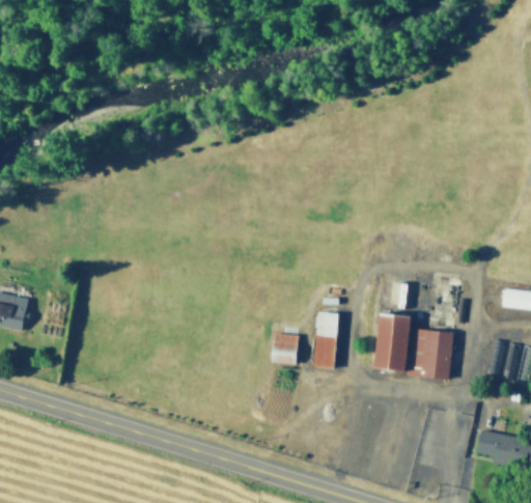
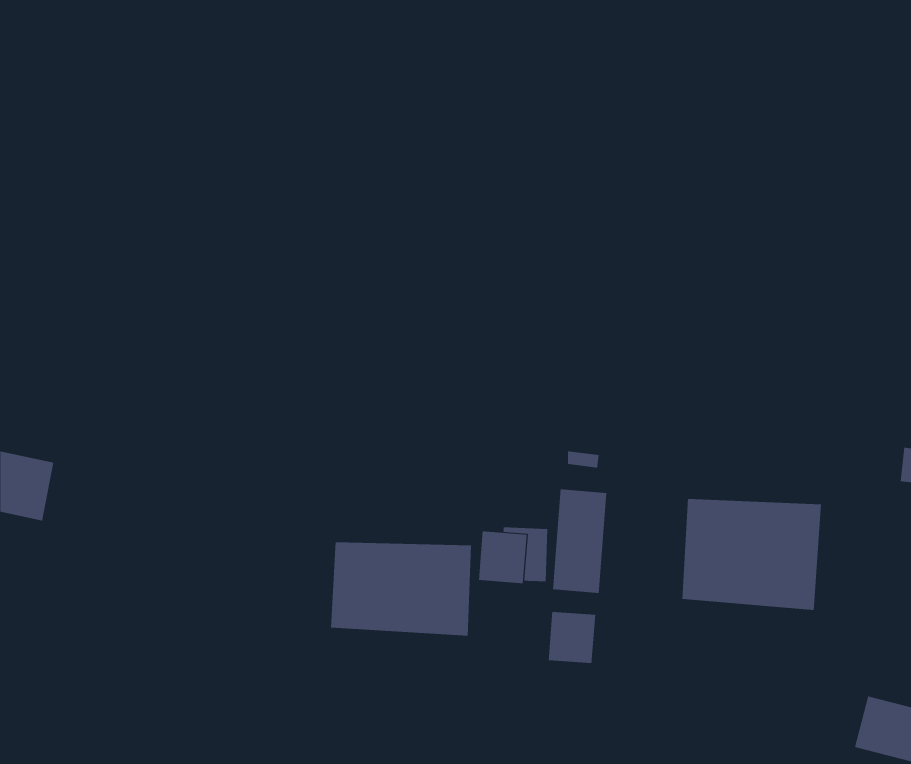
building: none -> [330,542,472,636]
building: none -> [548,611,596,664]

